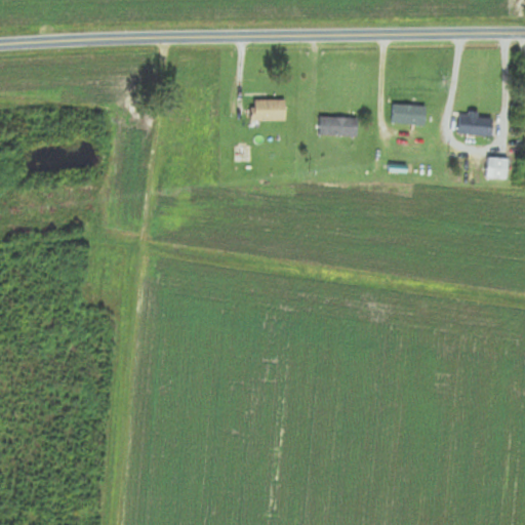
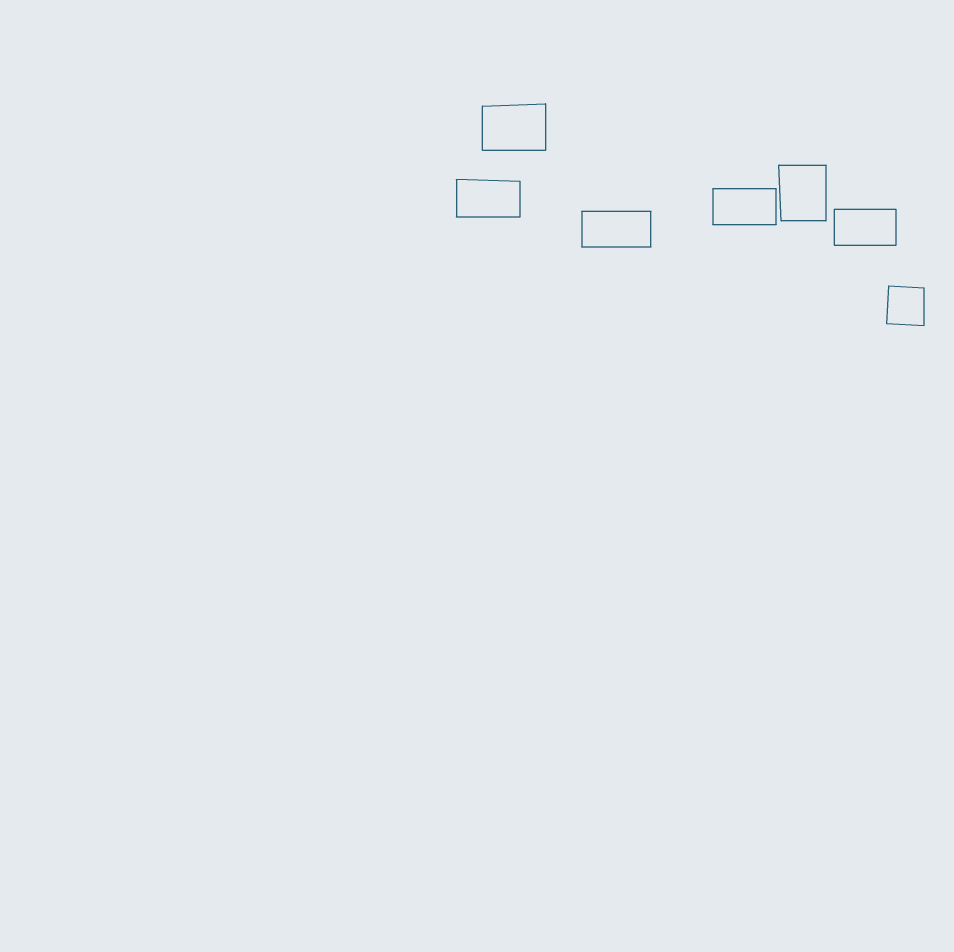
building: none -> [483,104,545,150]
building: none -> [779,165,826,221]

